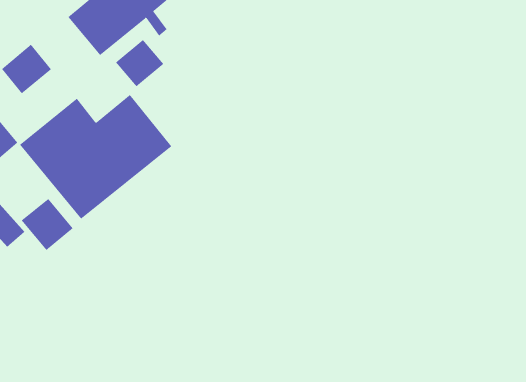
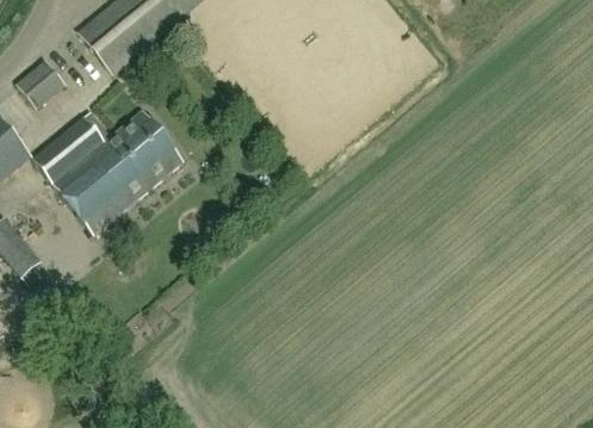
building: [115,39,164,87] -> none
building: [21,198,74,251] -> none

